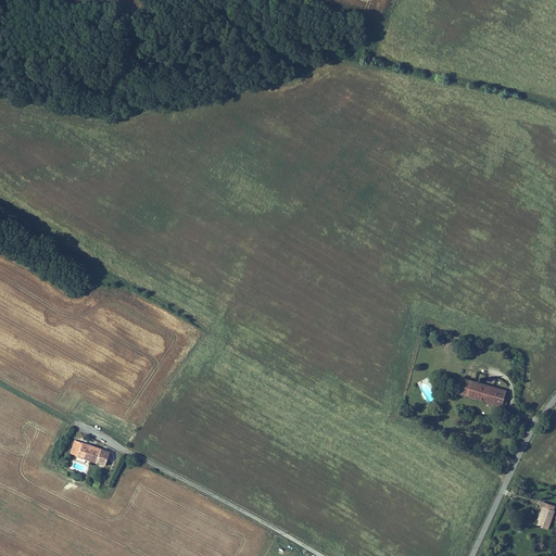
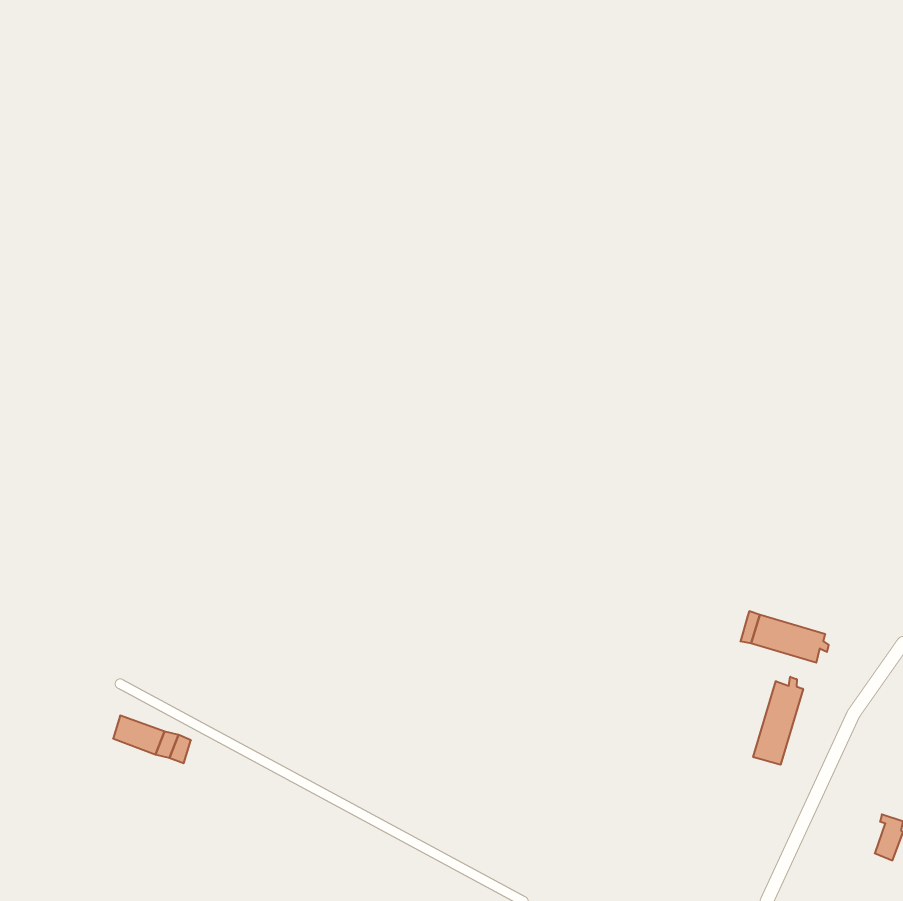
building: none -> [753,677,803,765]

